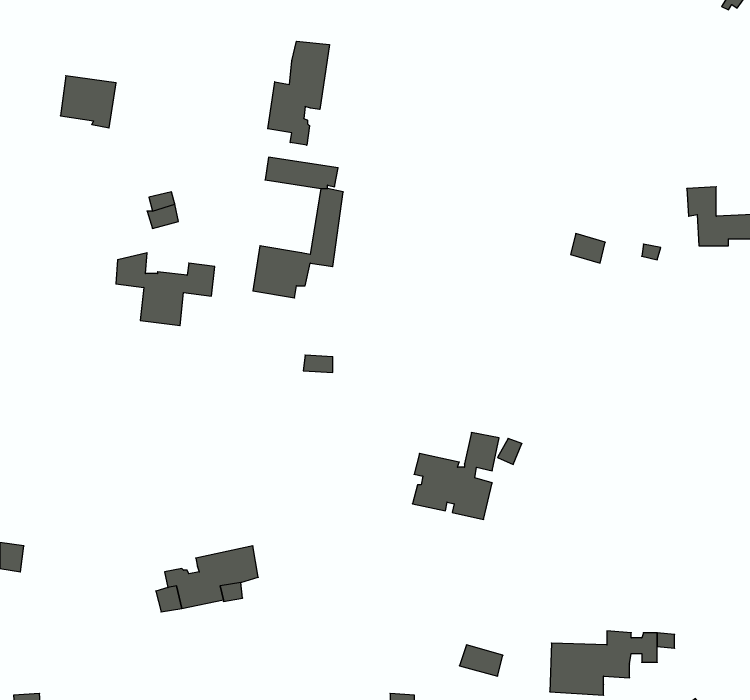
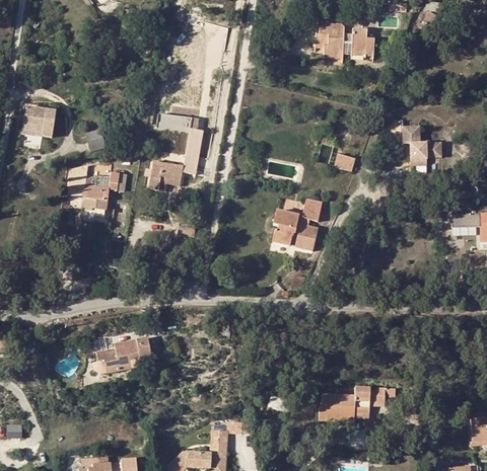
building: none -> [315,22,374,59]
building: [268,41,329,145] -> none
building: [60,76,116,128] -> [22,106,55,137]
building: [412,433,499,519] -> [271,200,322,250]

